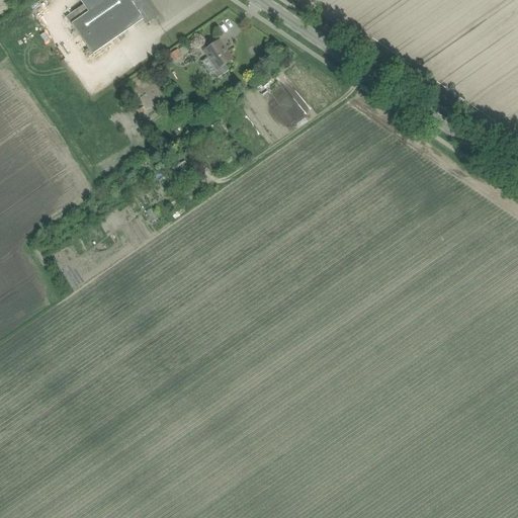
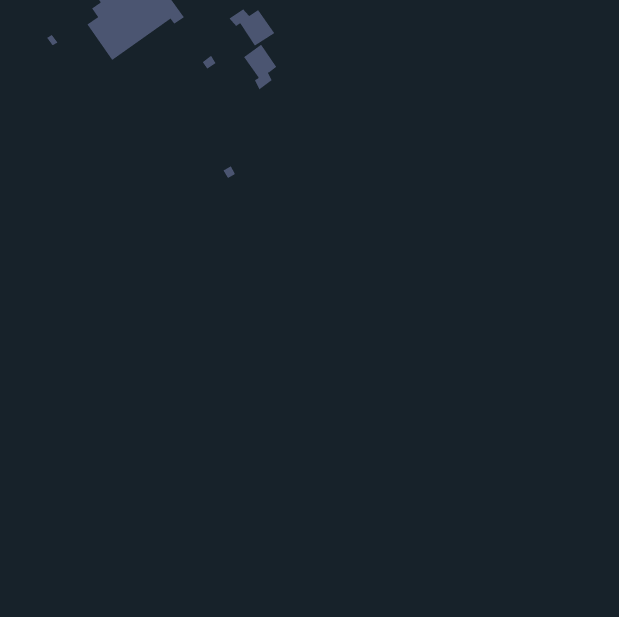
building: none -> [229,9,275,46]

